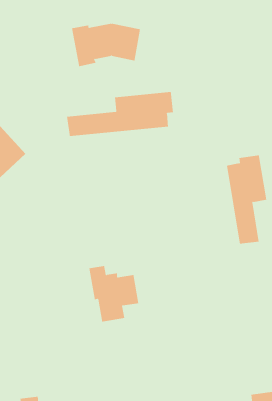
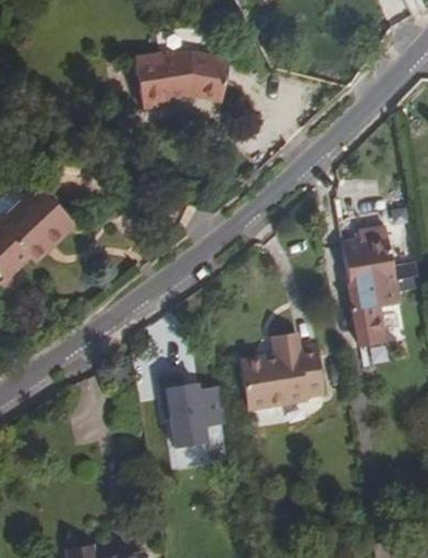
building: [66,91,174,137] -> none
building: none -> [240,332,325,410]

